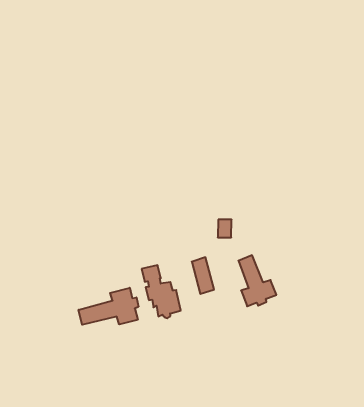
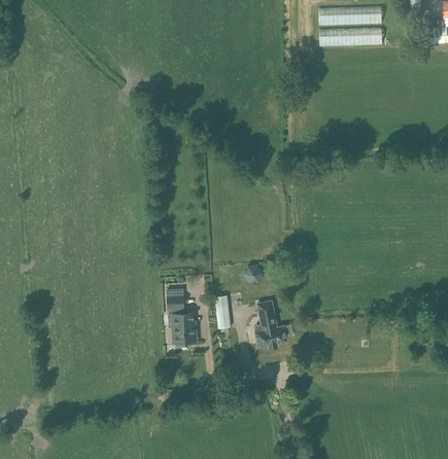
building: [79,288,138,325] -> none

